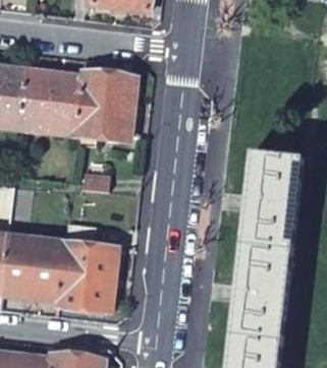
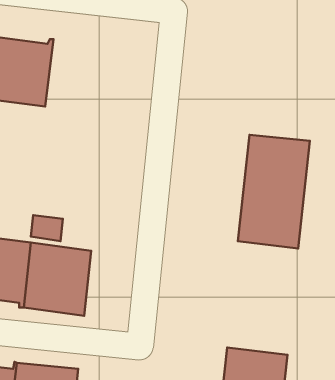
building: [73,73,133,138] -> none
building: [230,247,291,345] -> none

